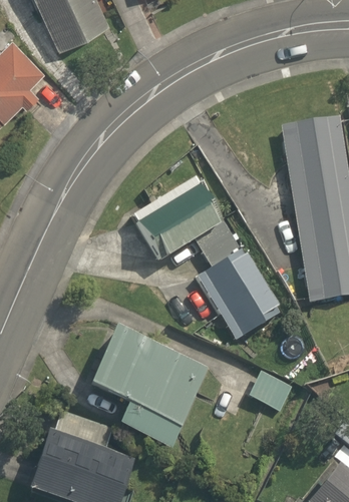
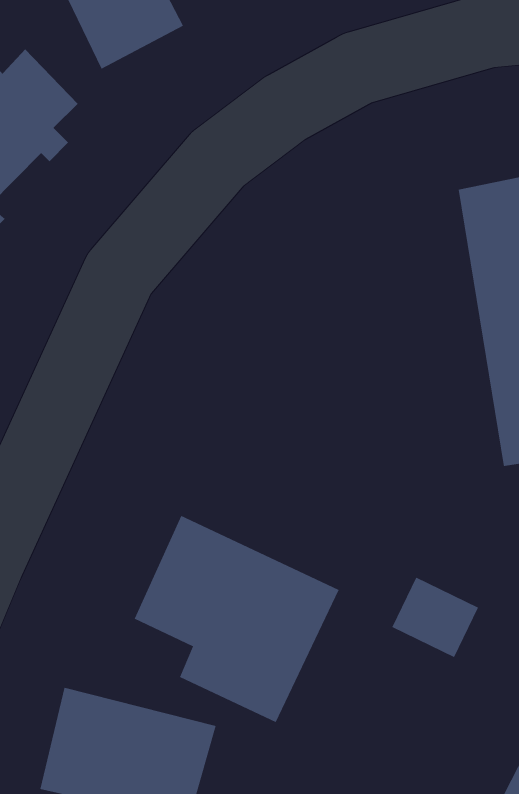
building: [127,173,282,343] -> none

